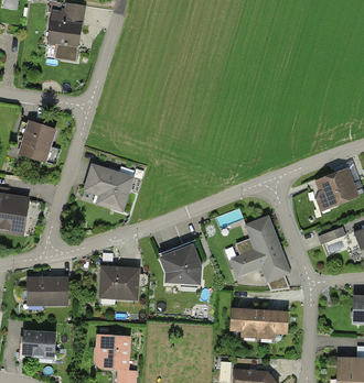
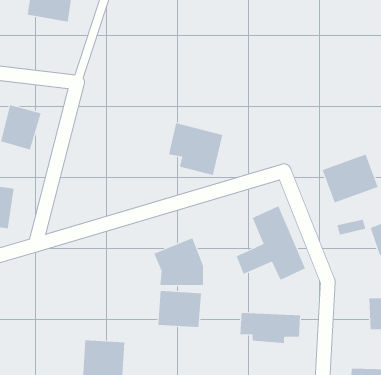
building: [84,165,133,212] -> [168,122,223,175]
building: [100,265,140,298] -> [157,291,202,327]
building: [29,278,68,303] -> none
building: [23,327,56,355] -> none

